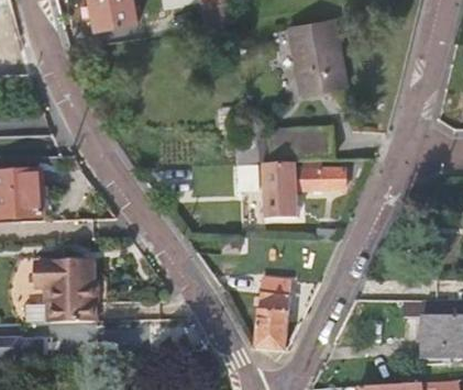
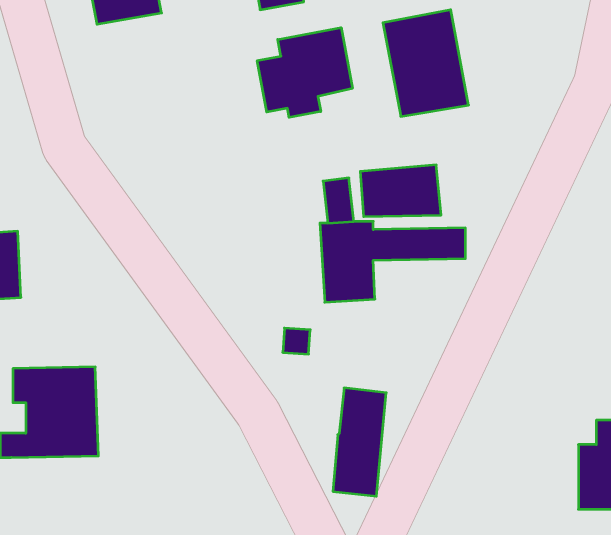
building: none -> [257,28,352,117]

